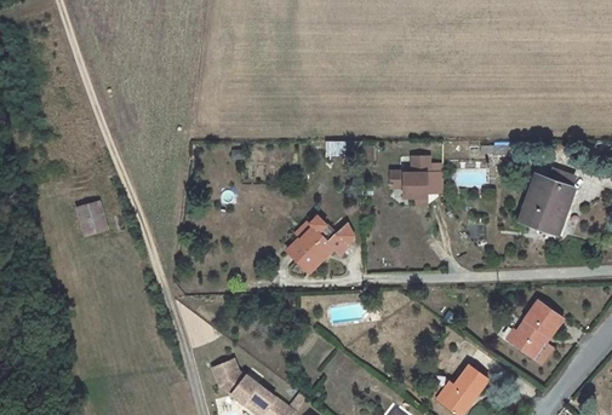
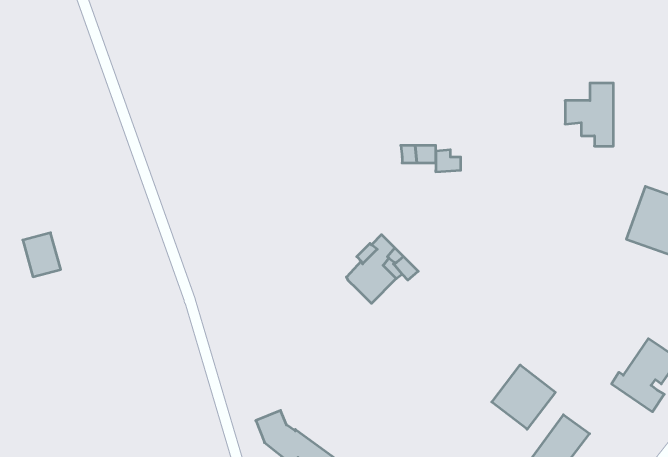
building: [389,154,429,206] -> [565,83,613,146]
building: [76,200,108,236] -> [23,233,61,277]
building: none -> [492,365,555,429]

